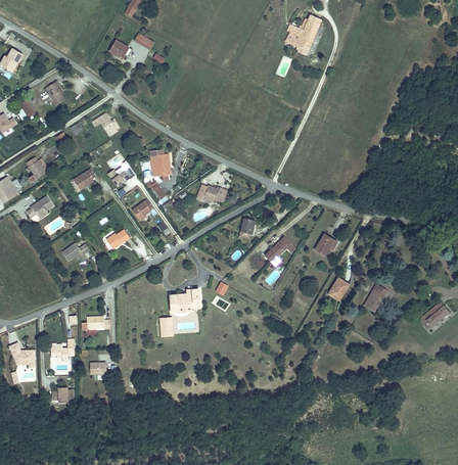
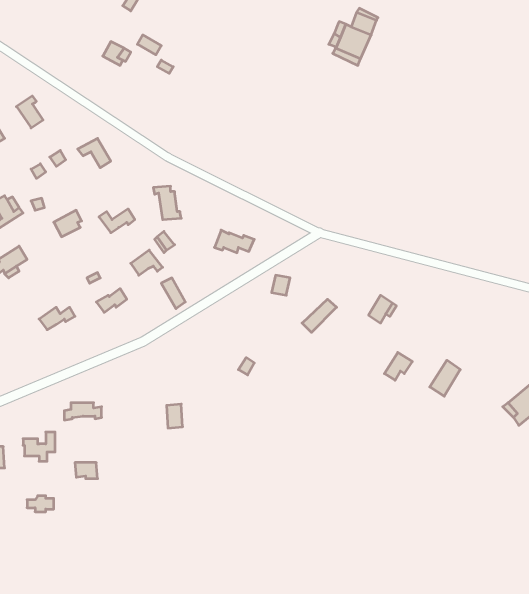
building: [170,289,200,314] -> none

